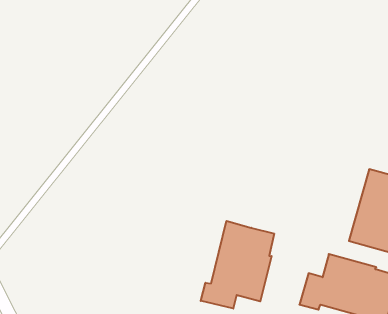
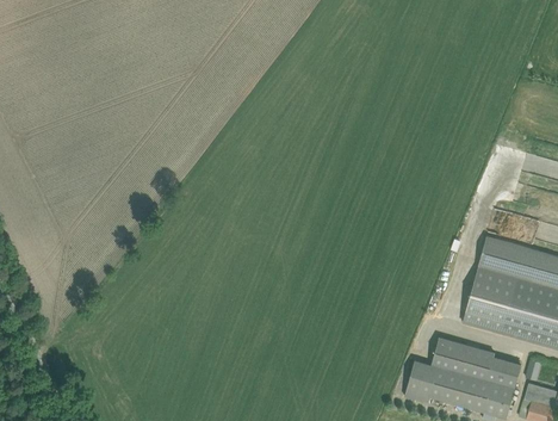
building: [201,221,274,309] -> none

